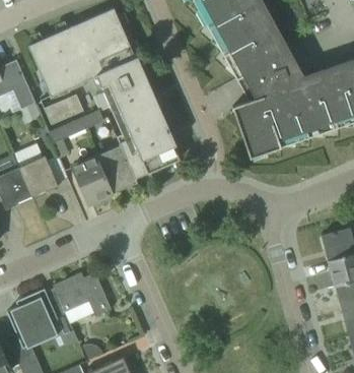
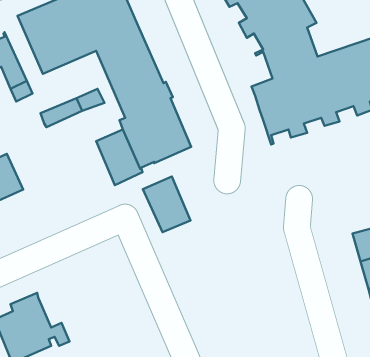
building: [44,94,84,124] -> none
building: [18,154,58,197] -> none
building: [71,154,113,203] -> [143,176,190,232]
building: [46,272,112,318] -> none

